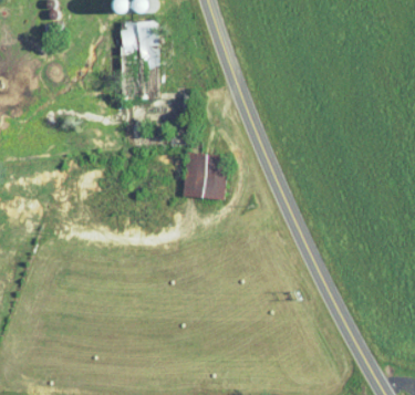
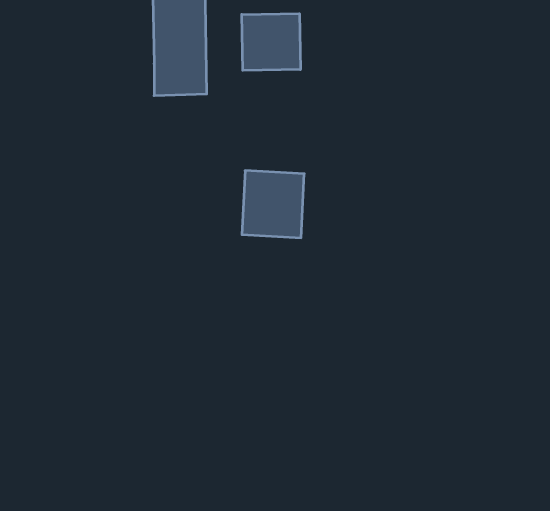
building: none -> [242,14,300,70]

